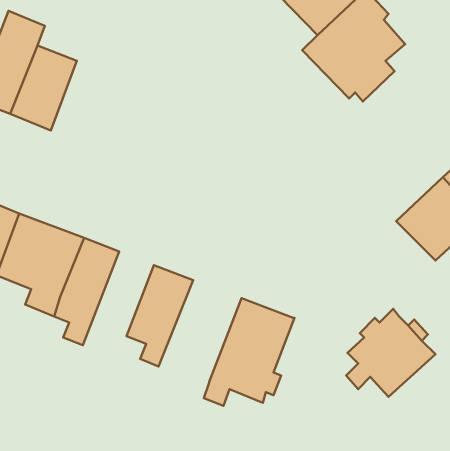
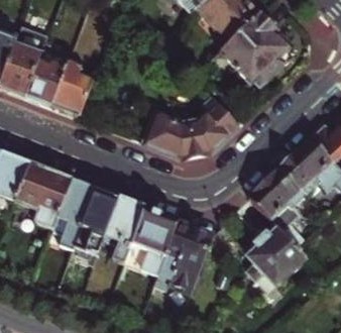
building: none -> [49,63,91,116]
building: none -> [143,92,238,155]
building: none -> [249,166,306,230]
building: none -> [73,187,118,253]
building: none -> [121,206,177,275]

